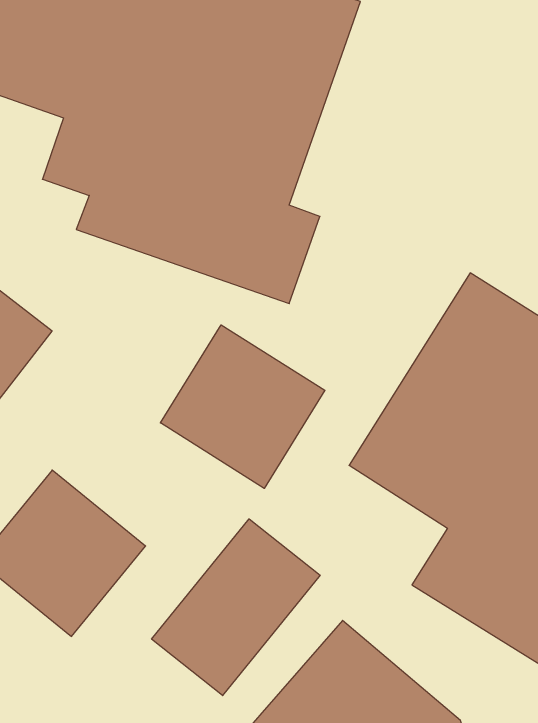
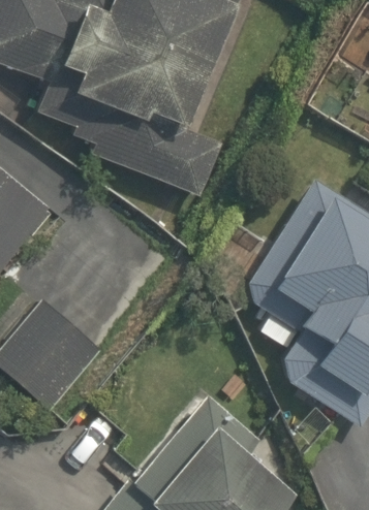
building: [160,325,325,488] -> none
building: [152,519,320,696] -> none

